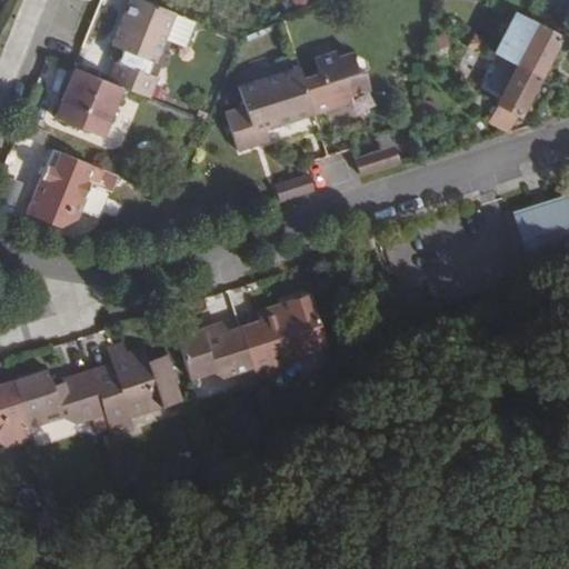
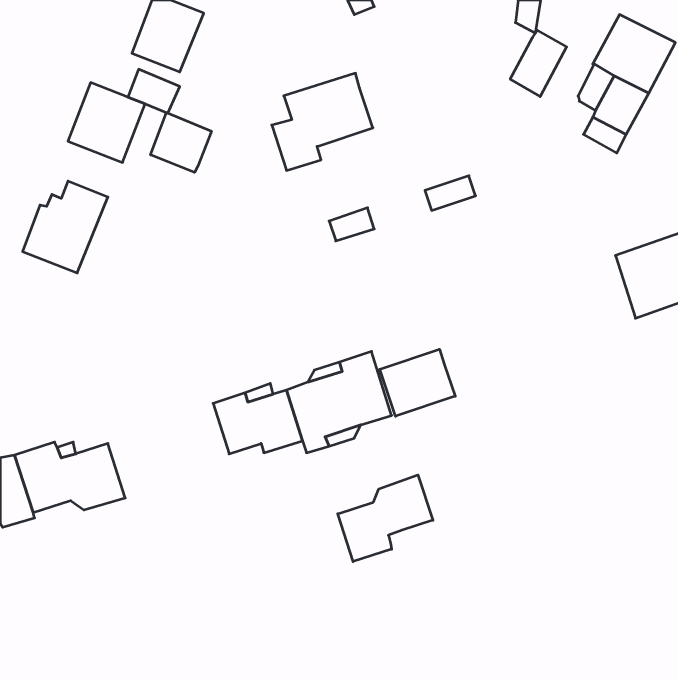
building: none -> [510,30,567,97]
building: [302,56,369,108] -> none
building: none -> [151,113,211,172]
building: none -> [380,349,455,416]
building: [92,346,181,427] -> none
building: none -> [338,475,433,562]

